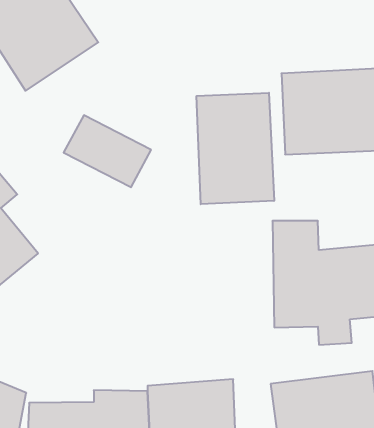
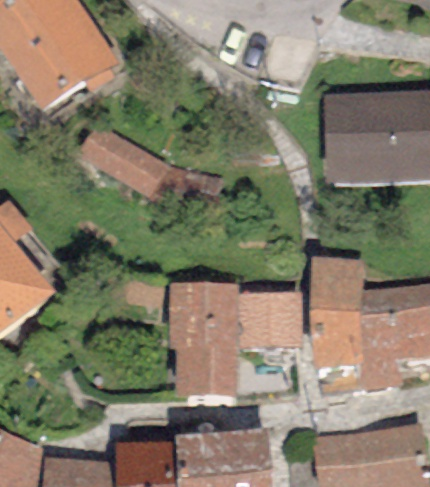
building: [197,93,274,204] -> none
building: none -> [167,280,297,400]

